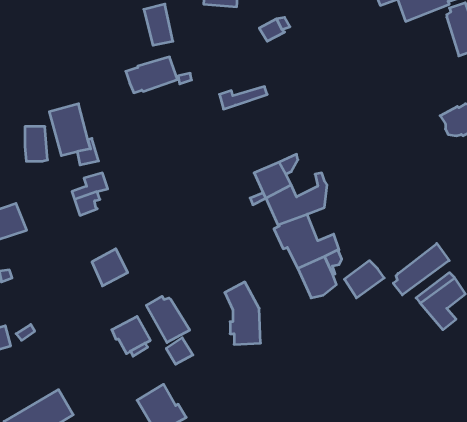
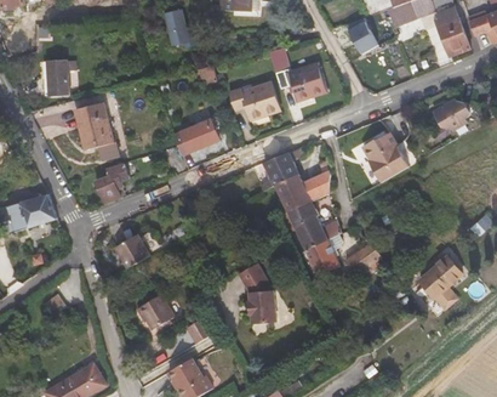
building: none -> [347,21,377,55]
building: none -> [270,46,327,100]
building: [126,57,178,93] -> [175,121,222,154]
building: none -> [245,91,279,117]
building: [25,127,48,161] -> [52,58,73,90]
building: none -> [364,132,407,180]
building: [393,243,449,295] -> none
building: [146,296,190,343] -> none

